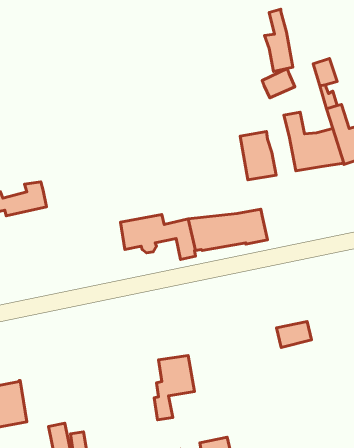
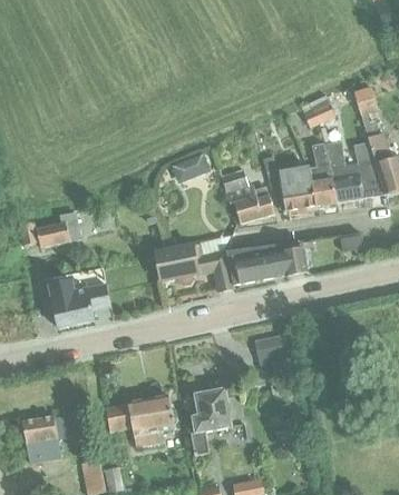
building: [265,9,293,71] -> [305,142,334,206]
building: none -> [174,146,214,179]
building: none -> [220,169,273,222]
building: none -> [47,280,109,327]
building: [277,321,312,348] -> [253,334,289,360]
building: none -> [105,396,178,446]

